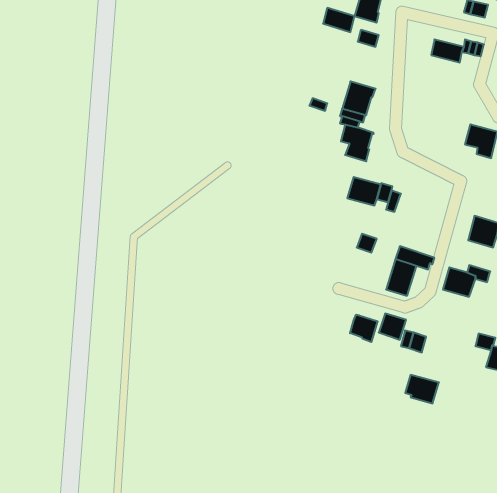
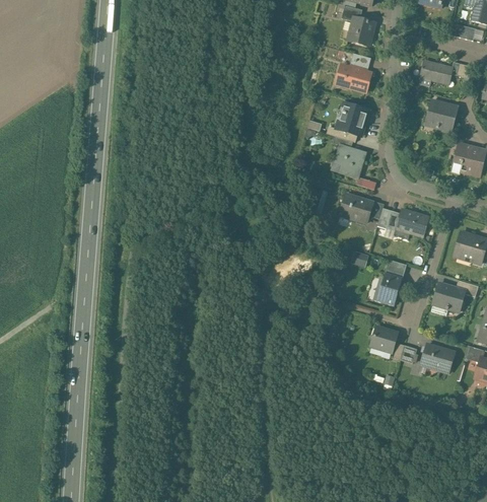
building: [323,8,355,32] -> [338,66,368,89]
building: none -> [428,100,458,130]
building: none -> [397,209,428,236]
building: [350,315,378,342] -> none
building: [405,375,439,403] -> [421,344,454,371]

